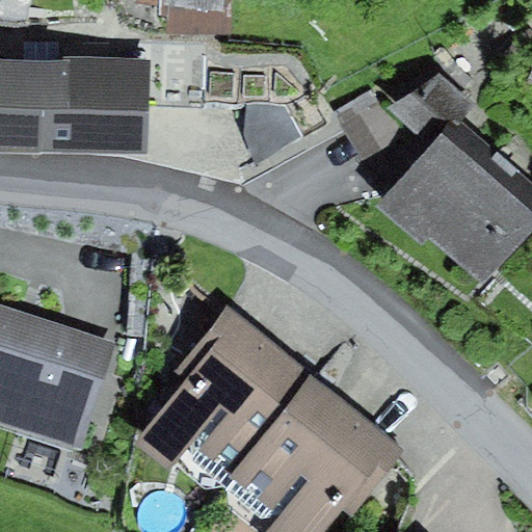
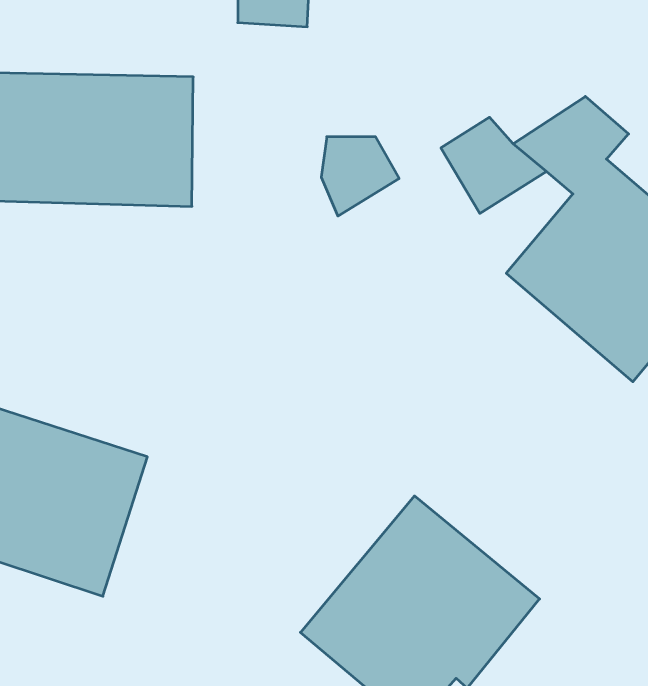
building: [134,303,312,474] -> none

